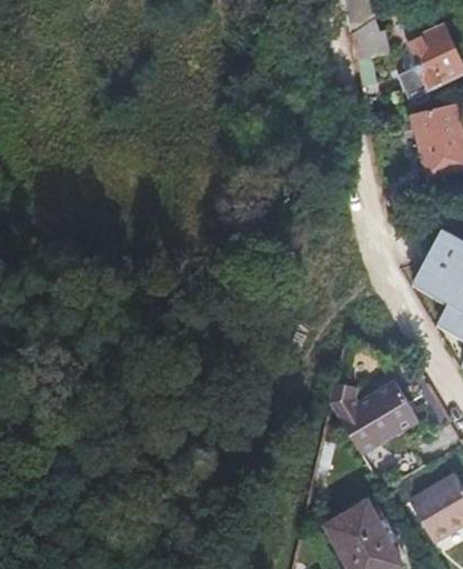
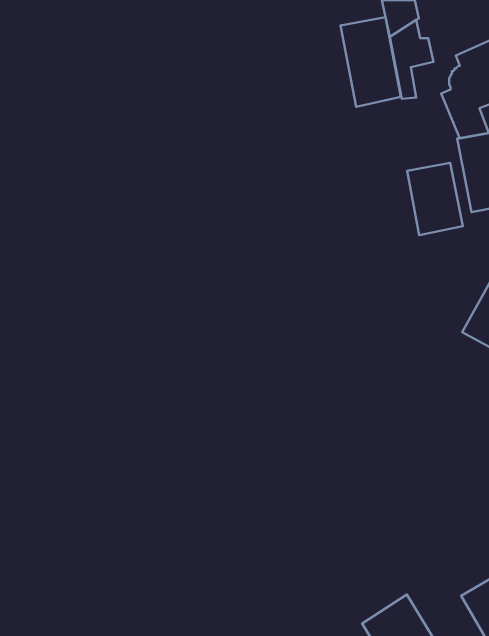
building: none -> [341,17,401,107]
building: none -> [407,163,463,235]
building: [330,377,420,455] -> none

